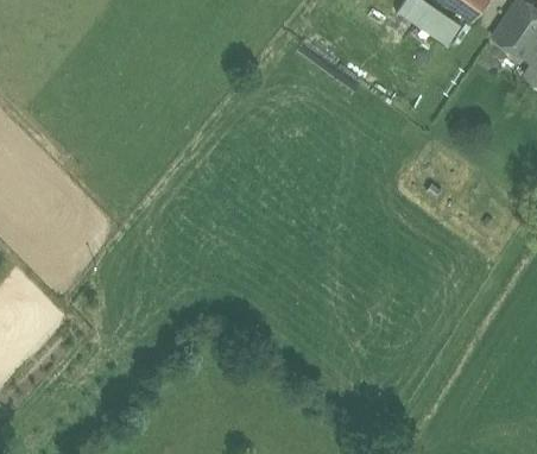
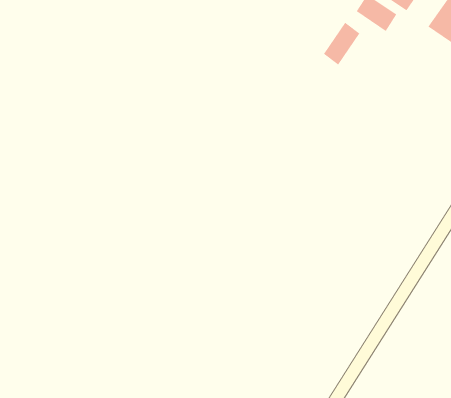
building: none -> [323,22,360,65]

